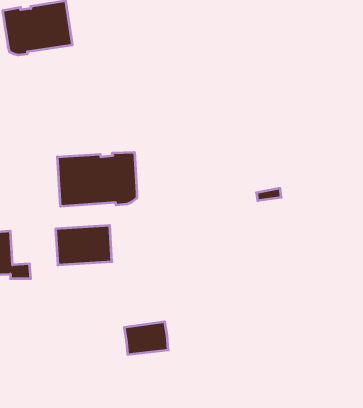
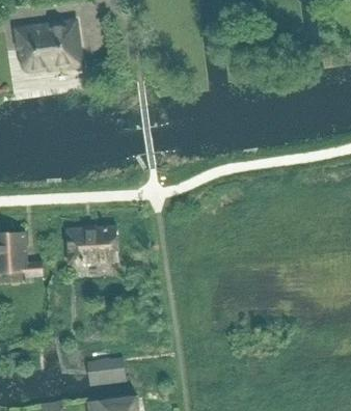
building: [57,152,137,206] -> none
building: [124,322,168,354] -> [85,356,126,386]

